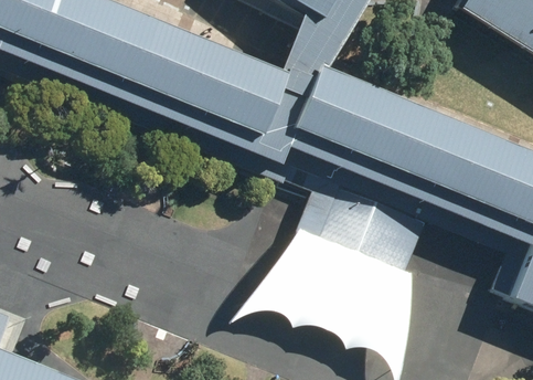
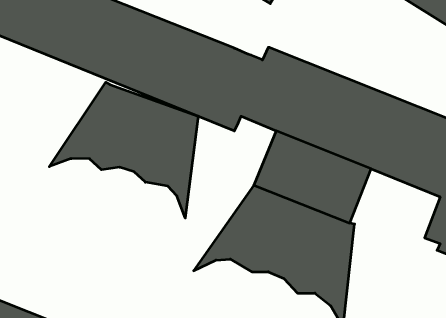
building: none -> [49,82,198,218]

